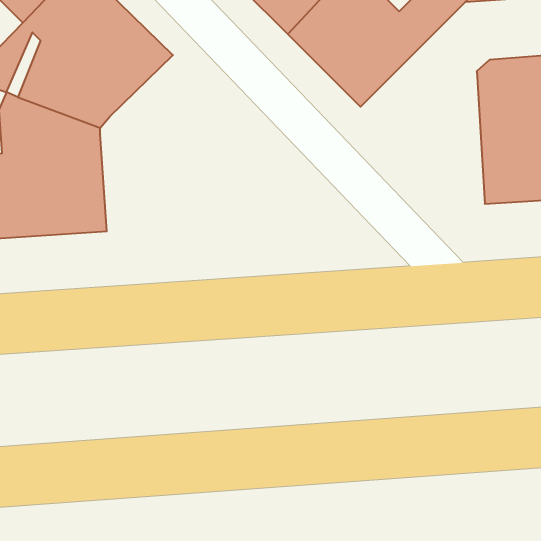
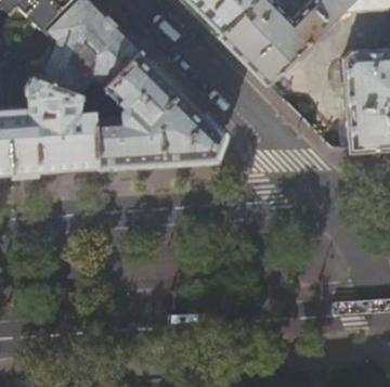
building: none -> [91,50,223,168]

